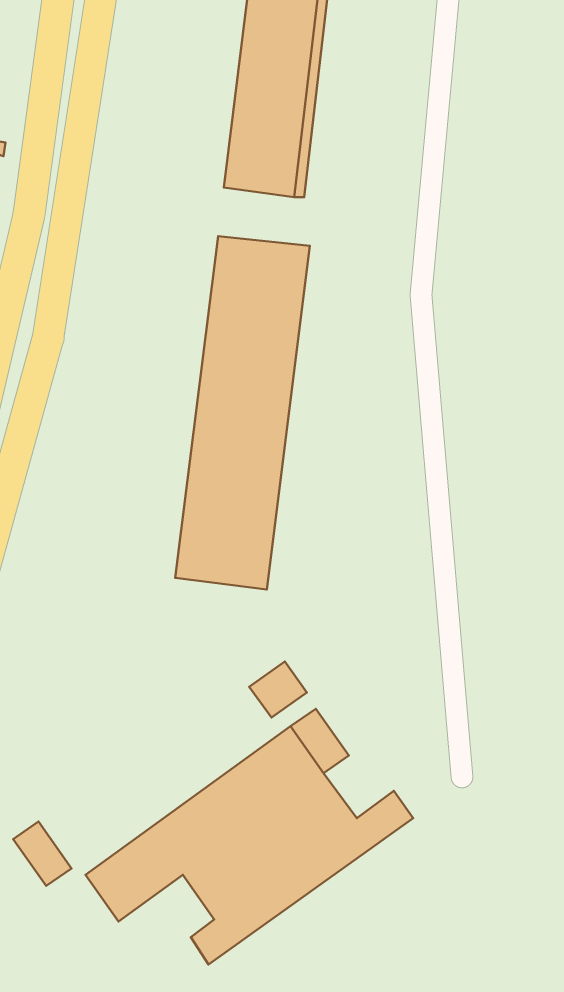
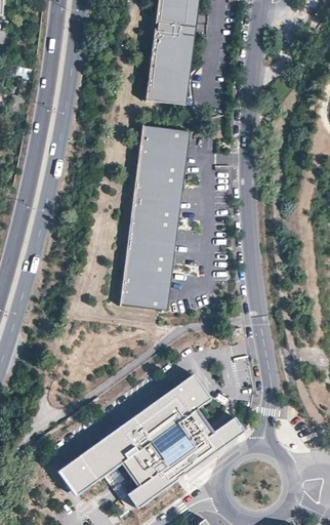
building: [249,662,307,718] -> none
building: [13,821,72,886] -> [58,460,89,494]

